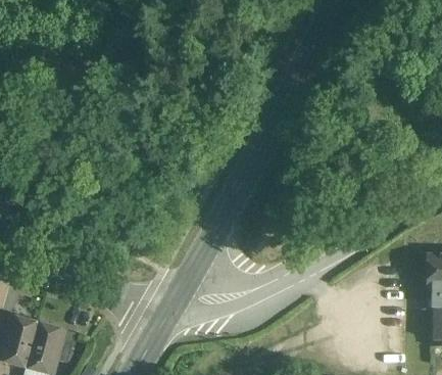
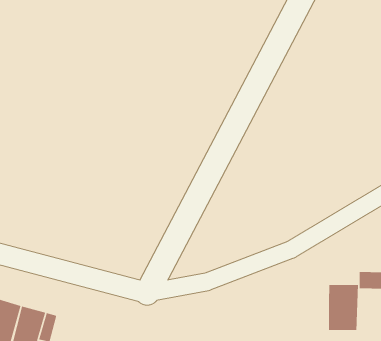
building: none -> [328,284,359,331]

